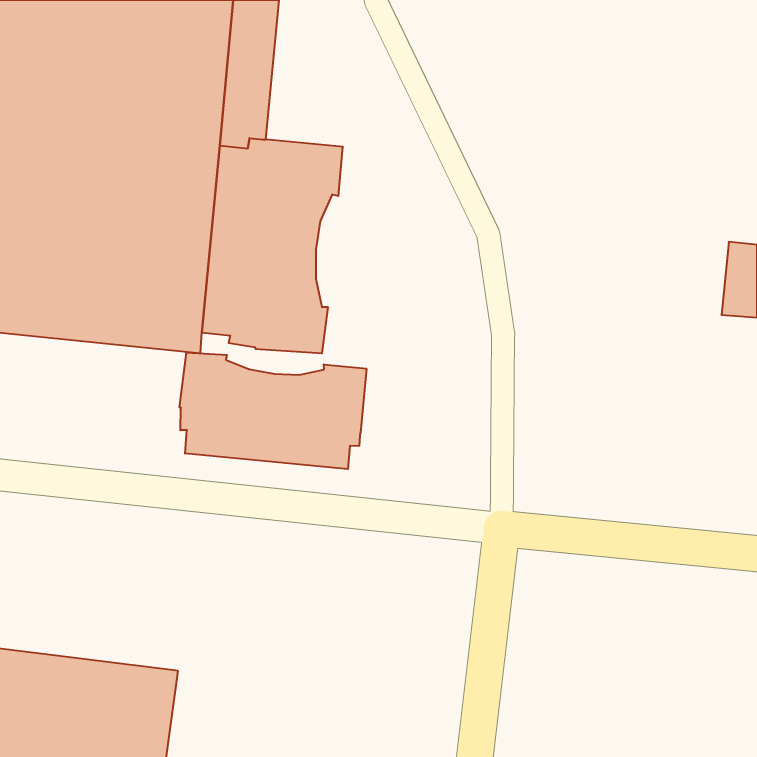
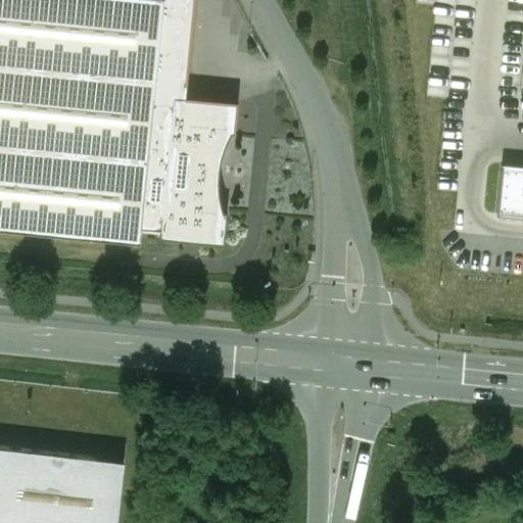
building: [180,352,366,469] -> none

